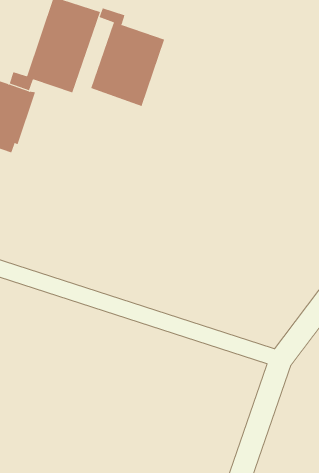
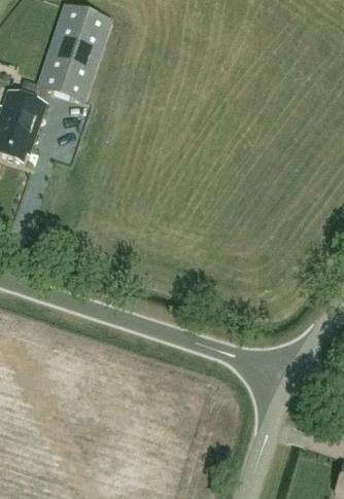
building: [90,7,165,107] -> none

